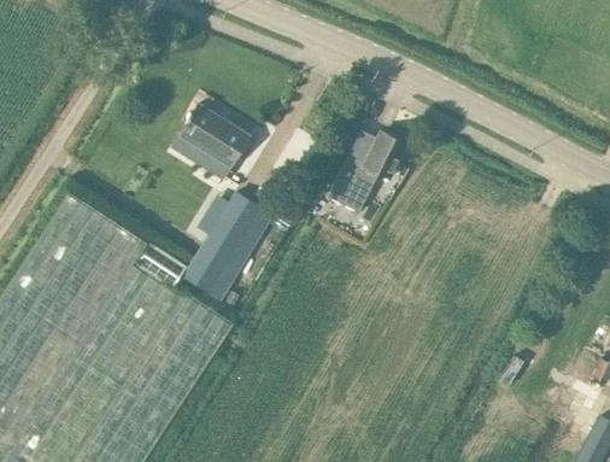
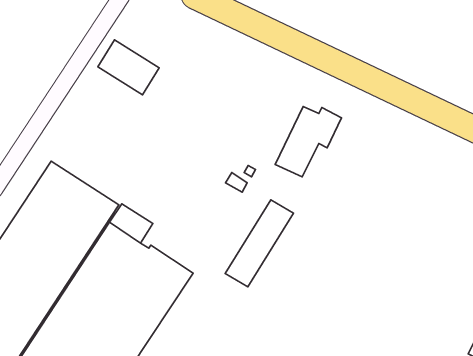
building: [177,104,248,168] -> [98,40,159,95]
building: [181,192,260,293] -> [225,200,293,287]

